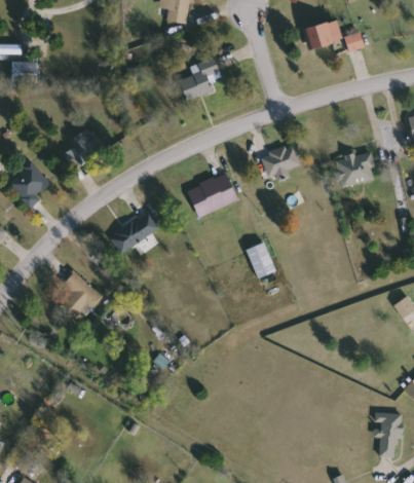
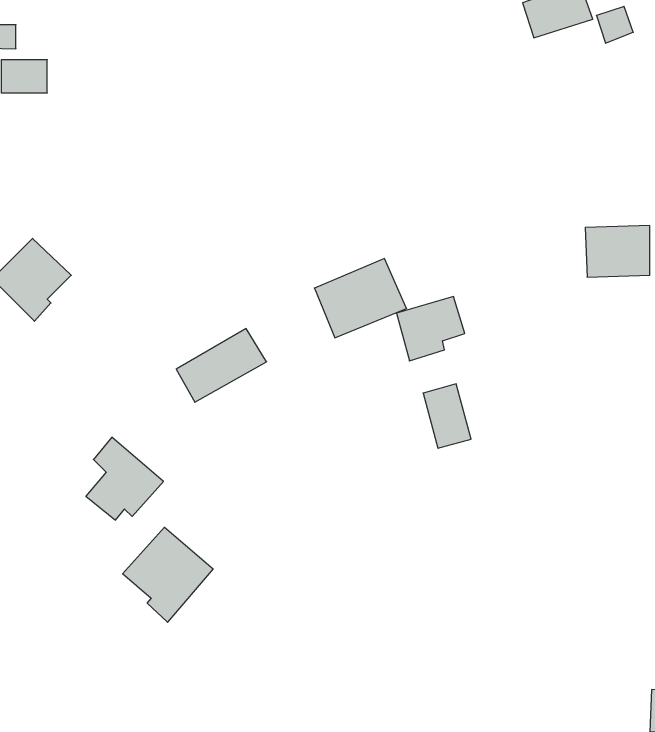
building: [179,58,220,101] -> none
building: [67,129,101,168] -> none
building: [262,145,300,181] -> [397,297,465,361]
building: none -> [123,527,213,622]

